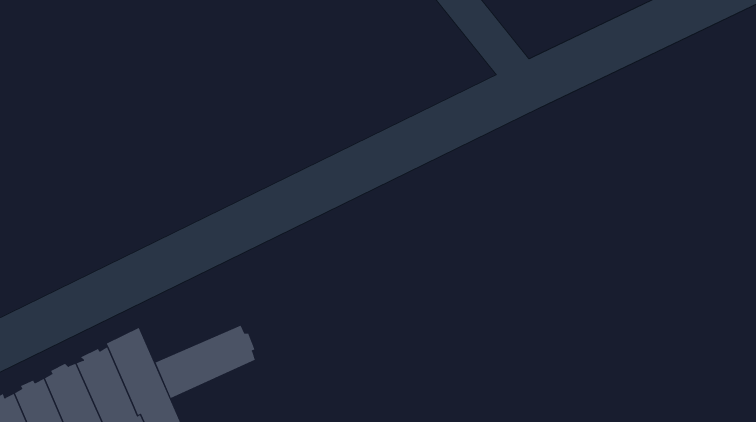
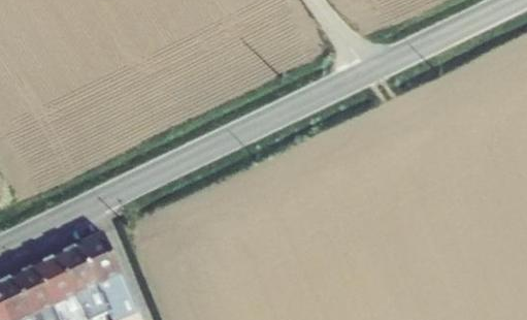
building: [155,325,255,399] -> none

